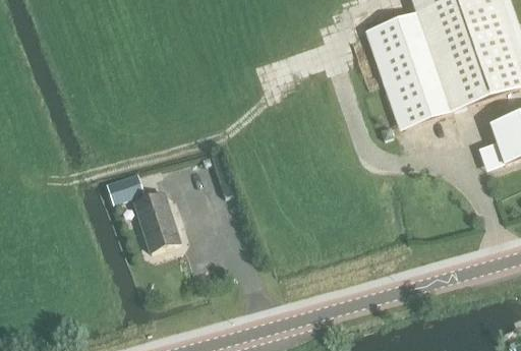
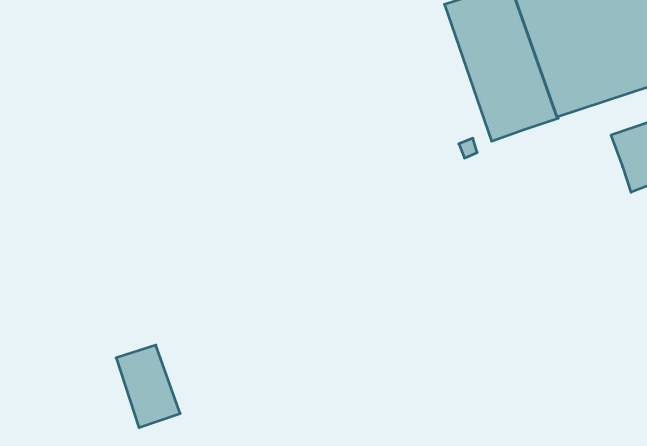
building: [107,173,143,202] -> none
building: [134,192,180,251] -> [116,345,180,428]

